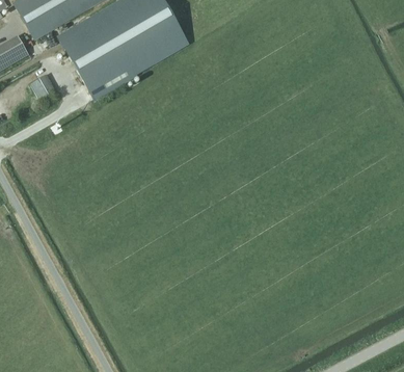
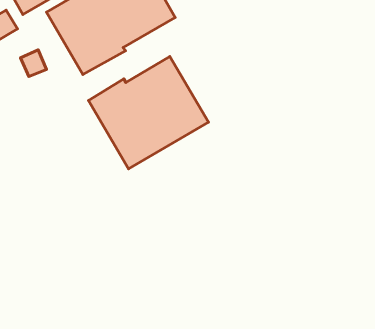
building: none -> [89,57,209,169]

